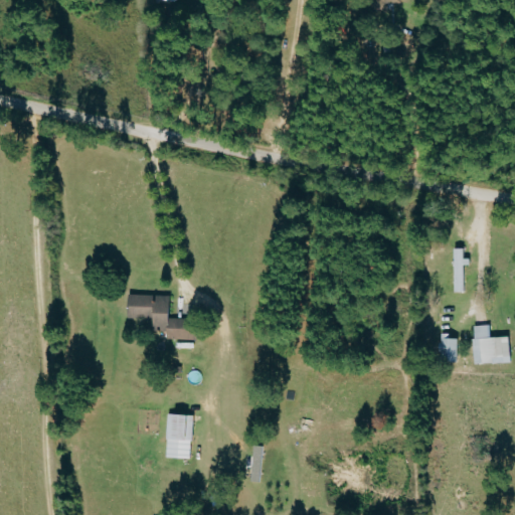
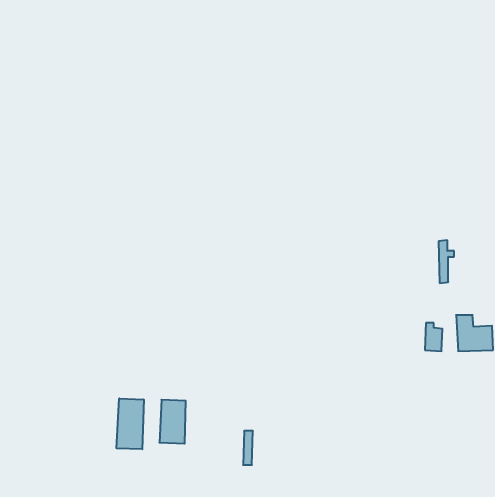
building: [128,295,192,340] -> none
building: none -> [117,398,144,449]

